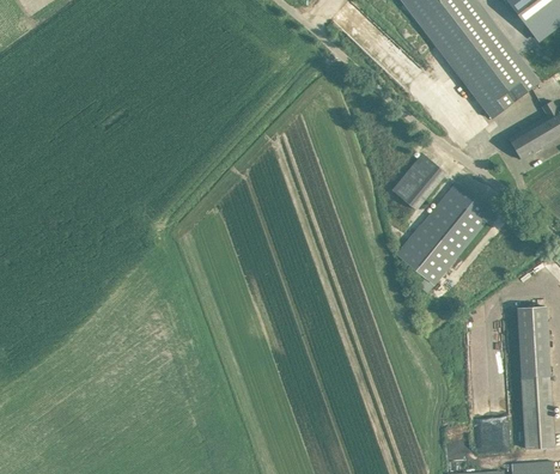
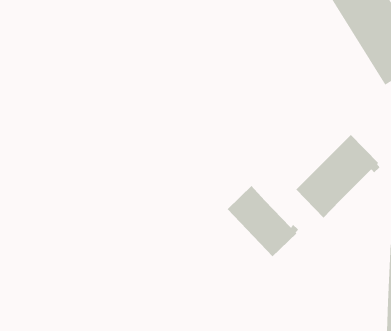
building: [391,153,445,209] -> none
building: none -> [227,185,299,257]

